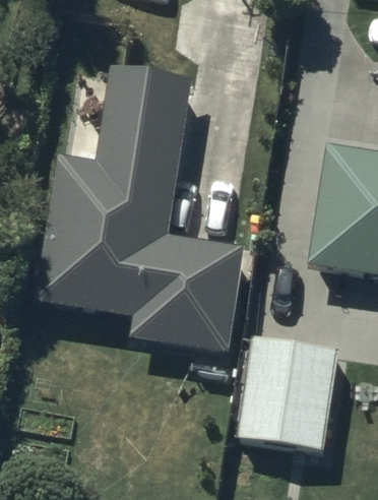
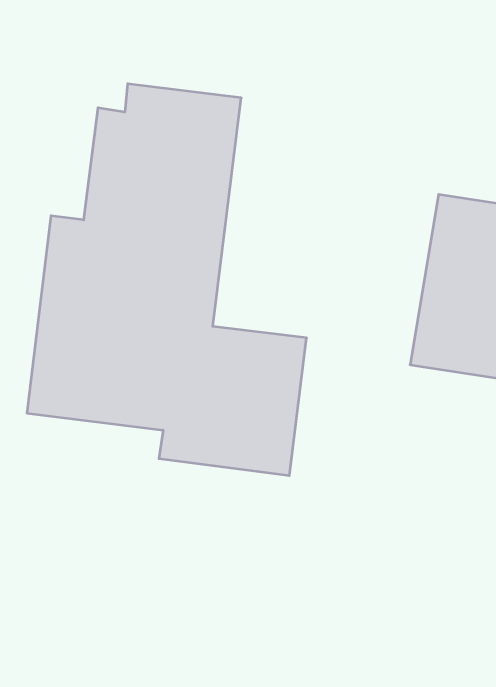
building: [240,338,333,448] -> none

